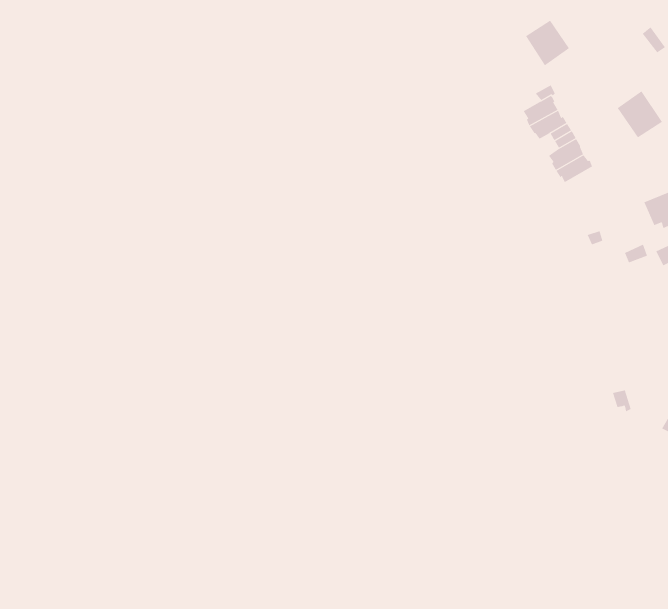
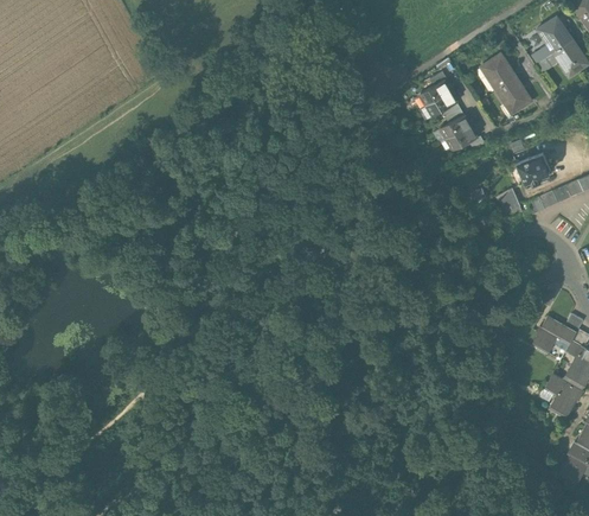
building: [525,20,570,66] -> [480,53,516,90]

